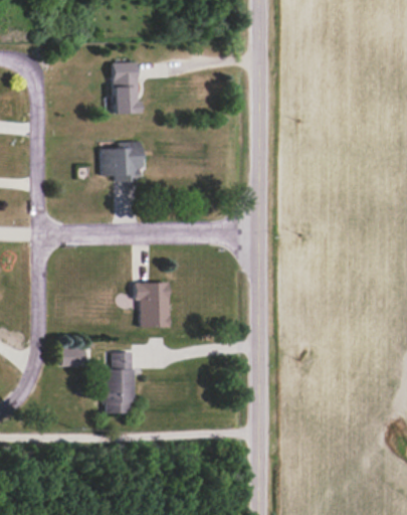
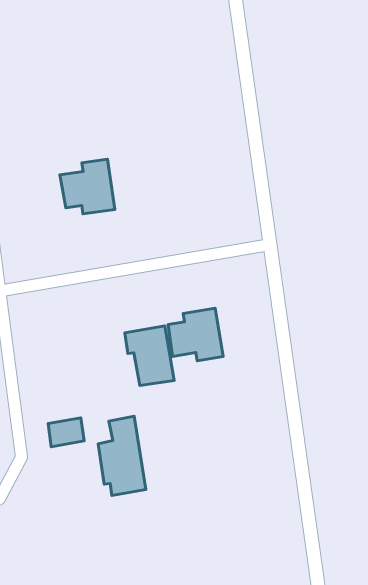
building: [113,61,139,114] -> none
building: none -> [168,308,223,361]

